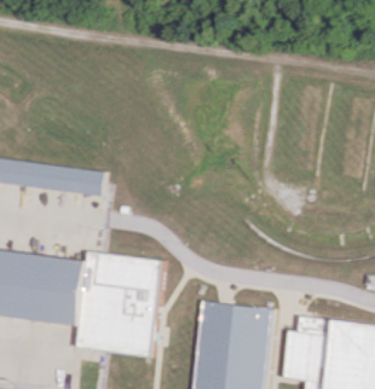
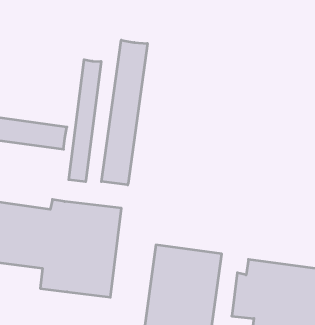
building: none -> [101,40,147,185]
building: none -> [69,60,101,182]

